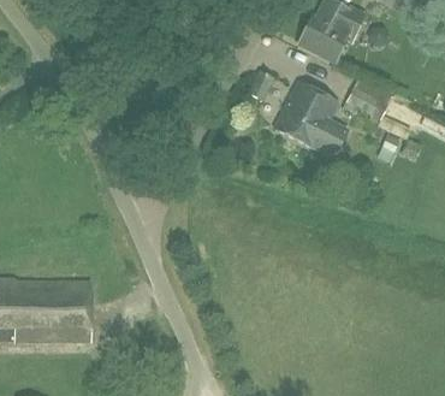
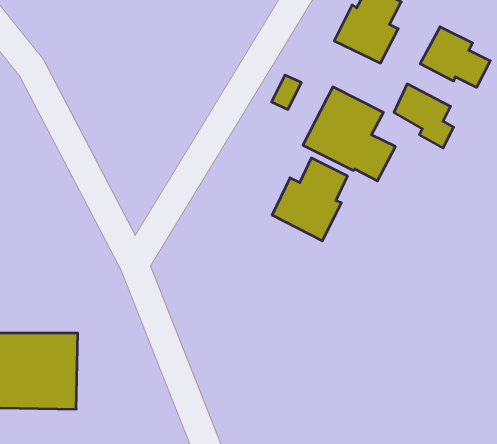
building: none -> [420,27,490,87]
building: none -> [272,158,347,241]

